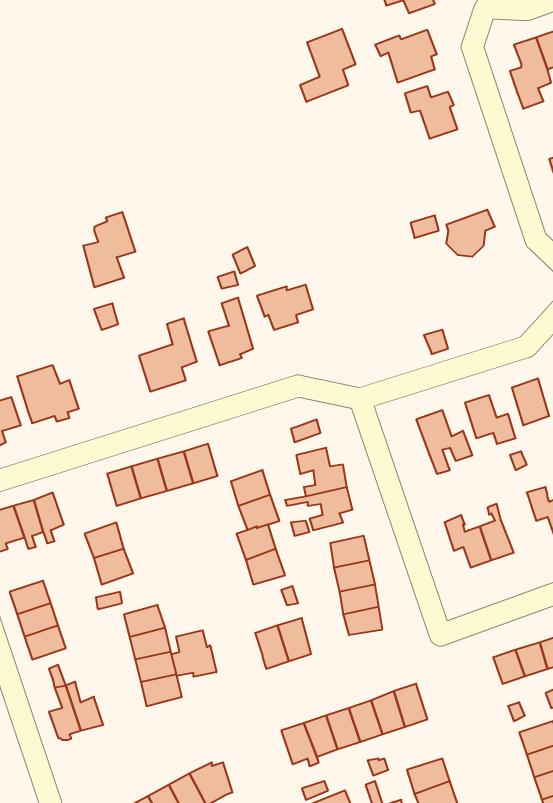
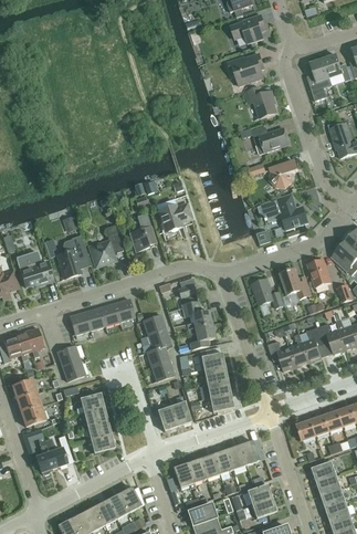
building: [300,29,355,102] -> none
building: none -> [251,125,288,151]
building: [83,212,136,287] -> [57,233,88,278]
building: none -> [260,192,308,229]
building: none -> [302,326,323,362]
building: [172,630,216,677] -> none

